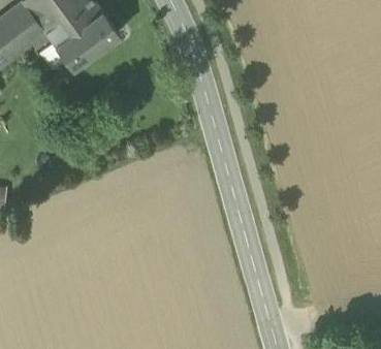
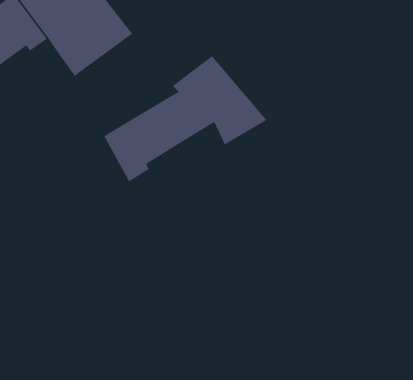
building: none -> [103,55,268,183]

